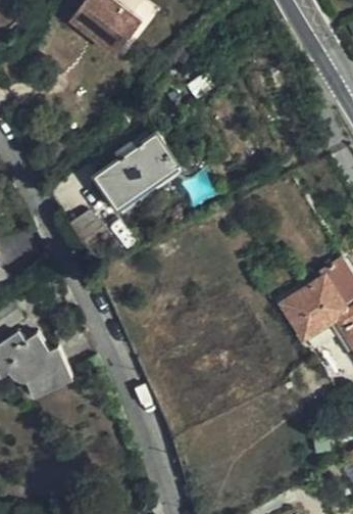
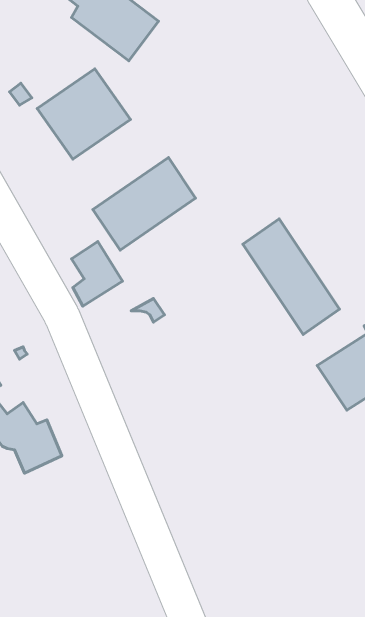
building: none -> [37,69,131,159]
building: none -> [243,219,339,334]

